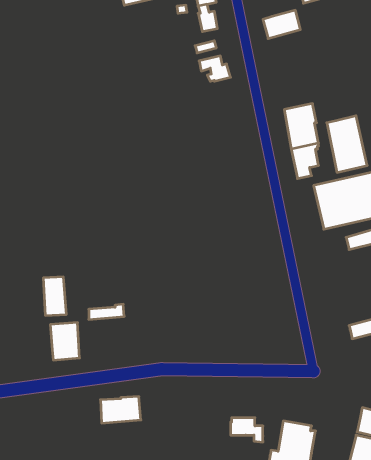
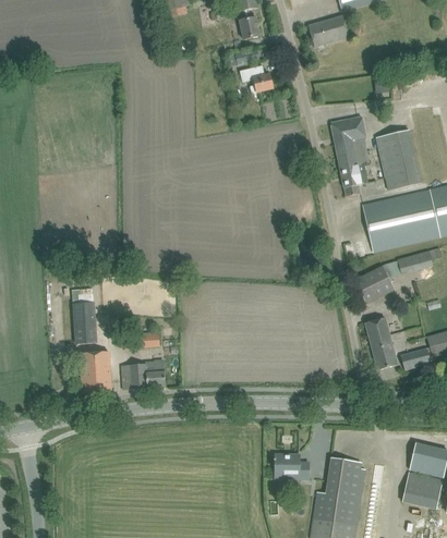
building: none -> [354,265,395,303]
building: none -> [365,316,398,369]
building: [100,397,141,423] -> [122,360,166,389]

